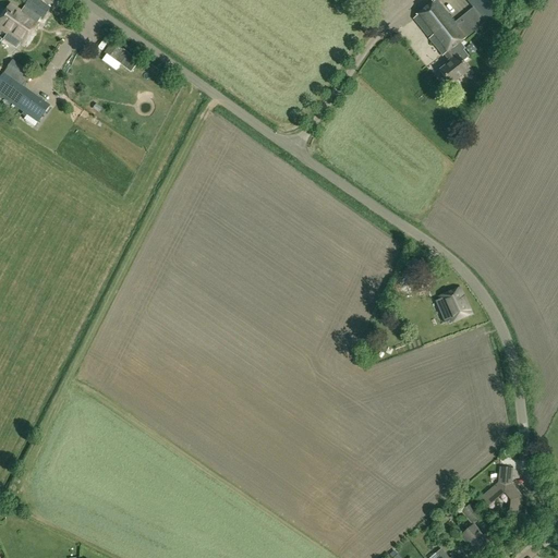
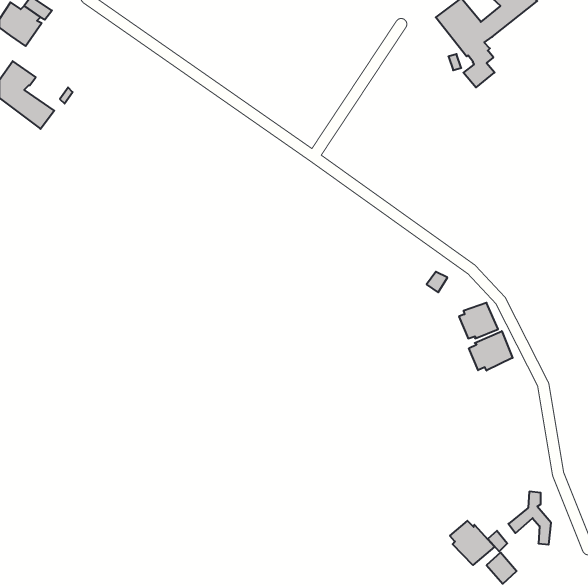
building: none -> [469,331,513,371]
building: none -> [450,521,494,565]

